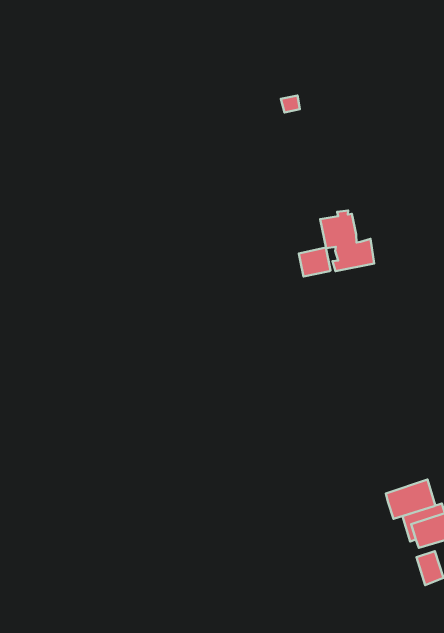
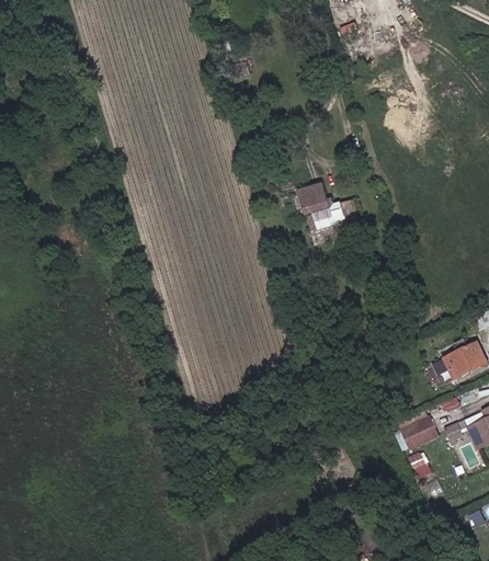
building: [299,248,330,276] -> none
building: [386,479,435,519] -> none

